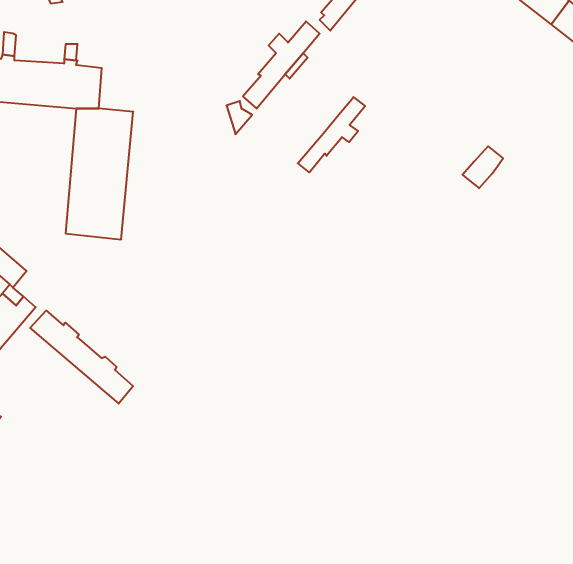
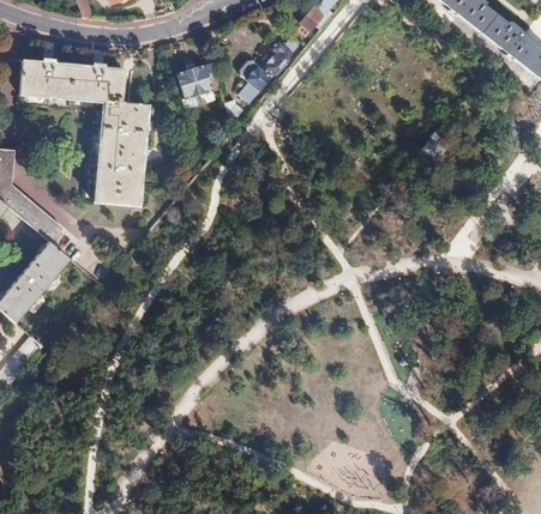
building: none -> [176,62,221,110]
building: [298,97,365,172] -> none
building: [30,311,133,404] -> none

